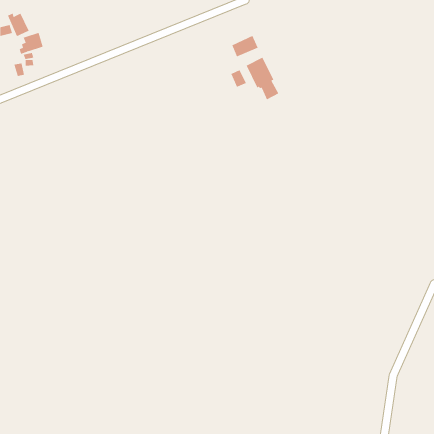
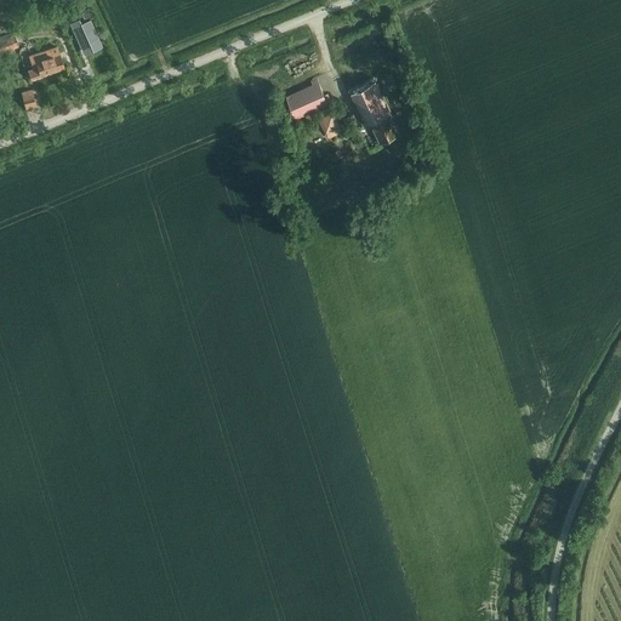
building: [7,13,29,37] -> [69,19,101,53]
building: [231,35,259,57] -> [287,84,326,115]

